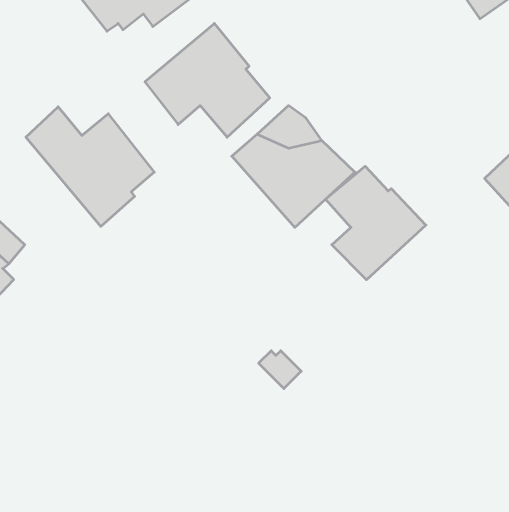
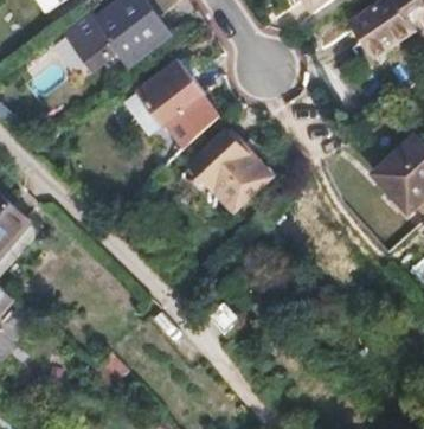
building: [26,107,154,226] -> none
building: [325,166,426,280] -> none

